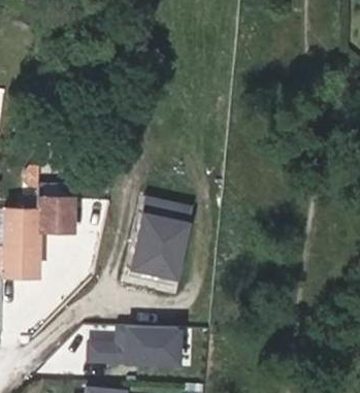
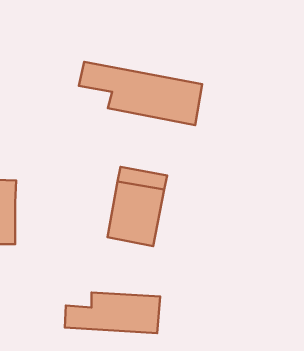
building: none -> [79,62,202,125]
building: [35,199,69,232] -> none

